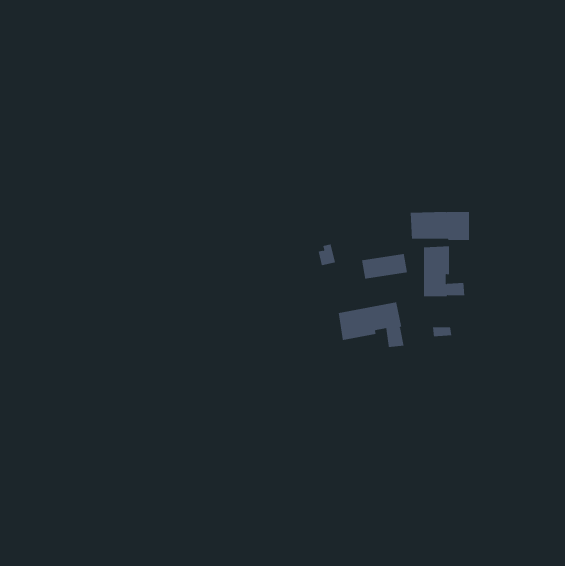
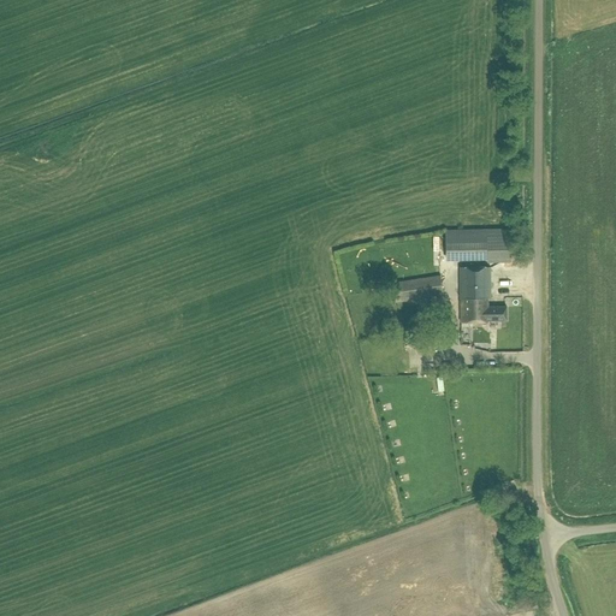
building: [338,301,404,348] -> none

